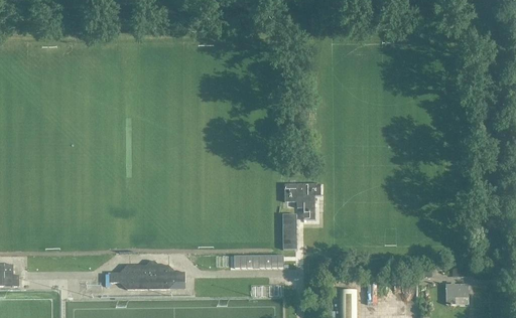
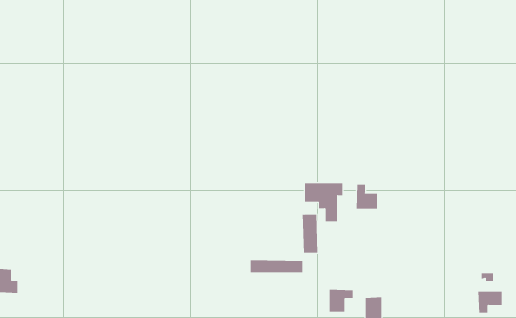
building: none -> [356,184,378,209]
building: [110,261,184,289] -> none
building: none -> [329,289,353,312]

